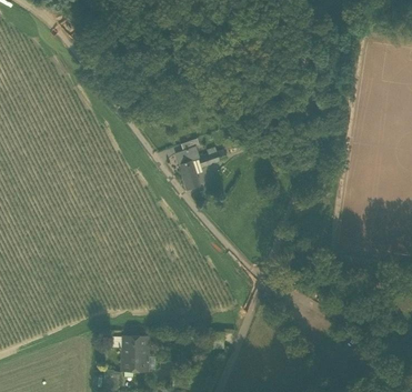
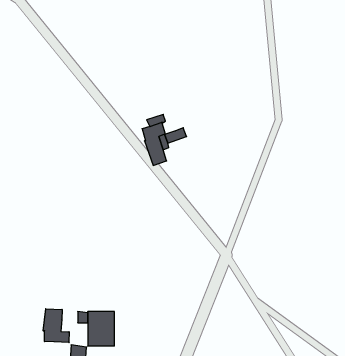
building: none -> [43,309,69,343]

